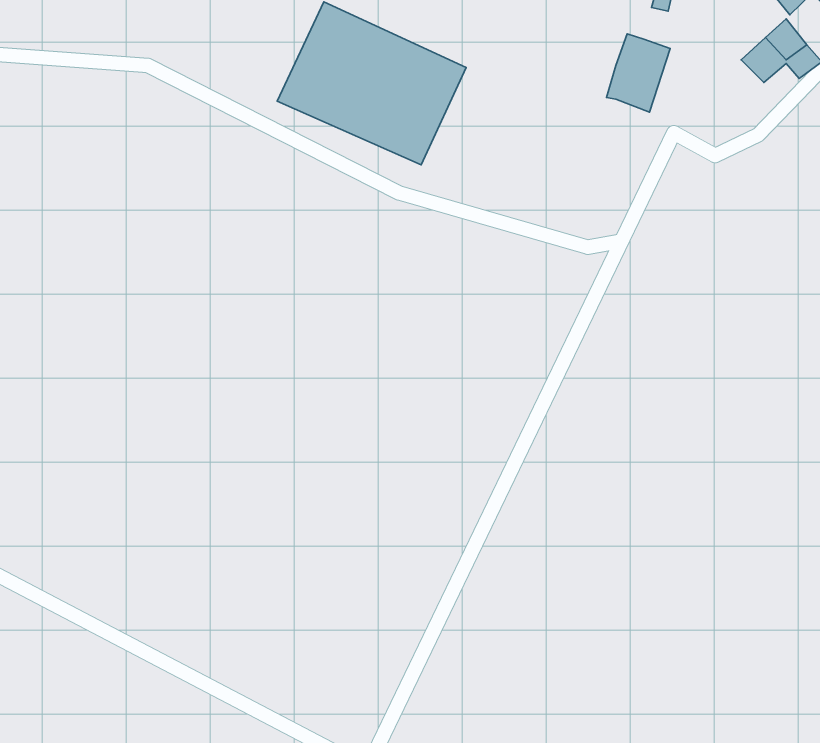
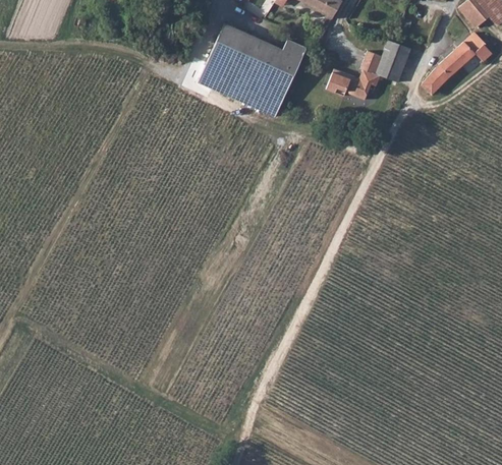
building: none -> [327,52,381,101]
building: none -> [421,54,461,96]

